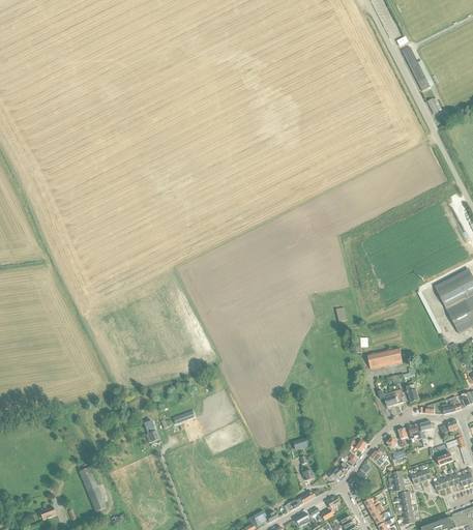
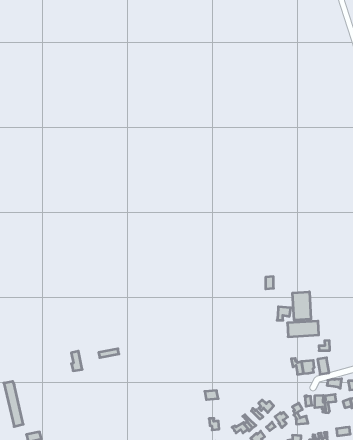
building: none -> [293,292,311,320]

